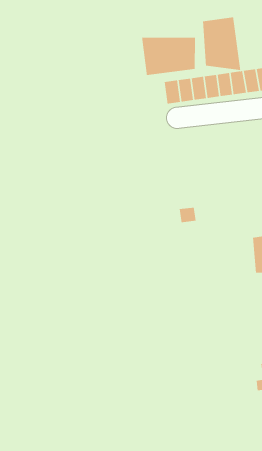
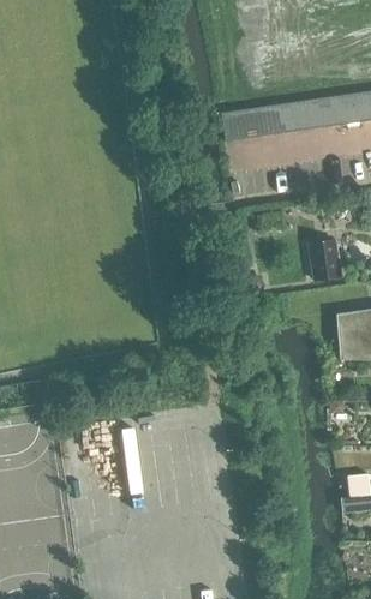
building: [202,17,241,71] -> none
building: [141,37,196,76] -> none
building: none -> [310,240,341,280]

